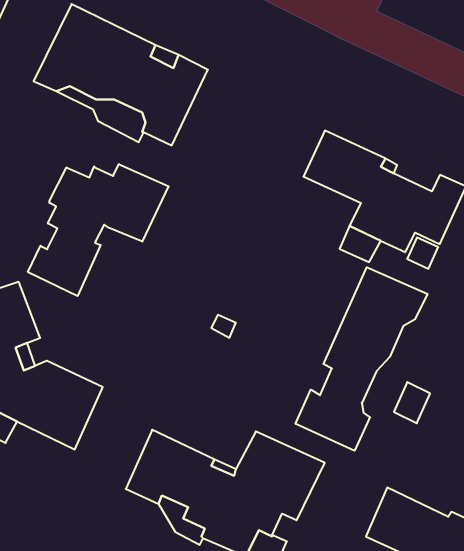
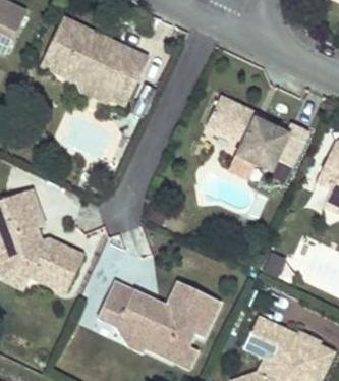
building: [28,164,169,296] -> none
building: [296,267,427,451] -> none

